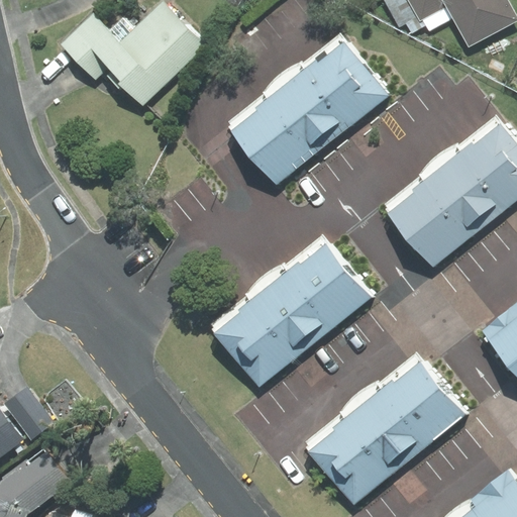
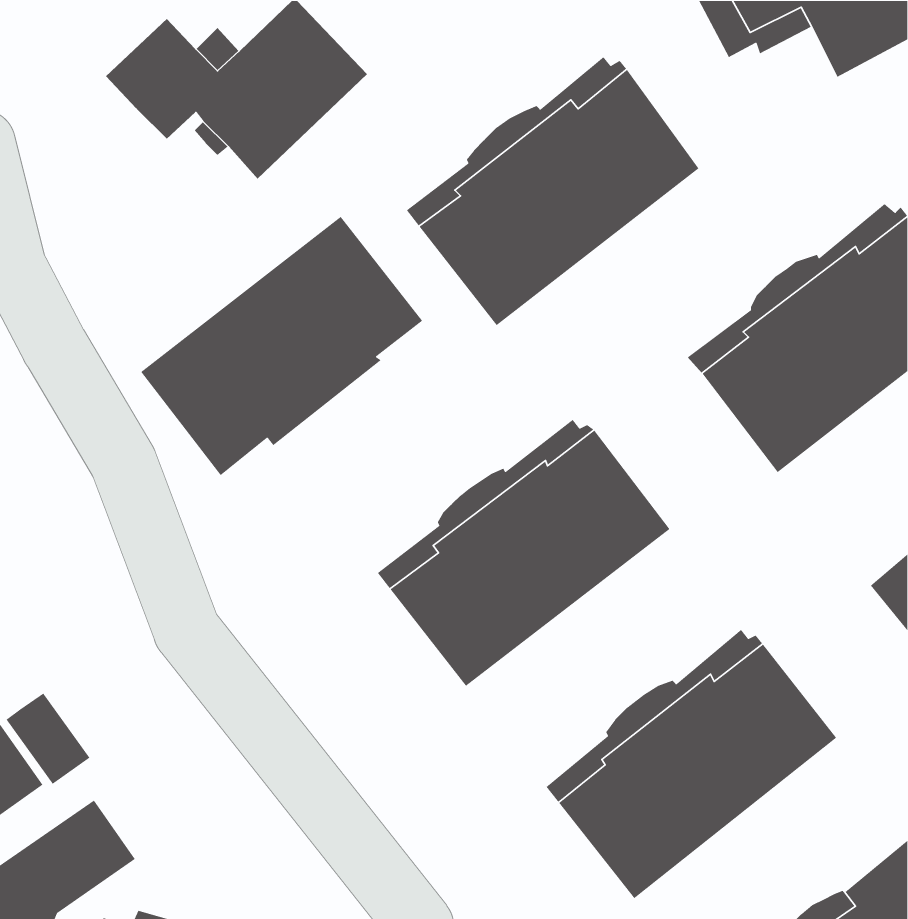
building: none -> [140,216,423,476]

